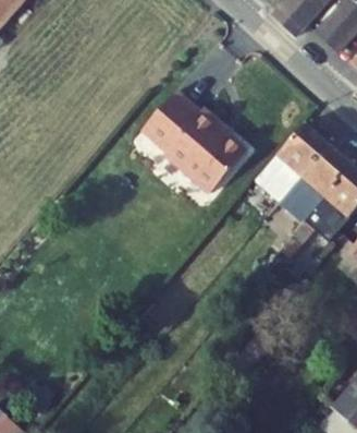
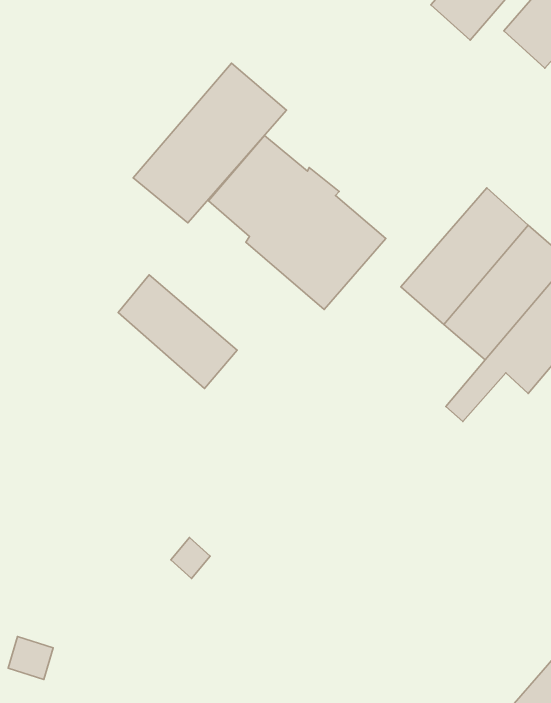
building: none -> [133,63,287,223]
building: none -> [118,275,237,388]

